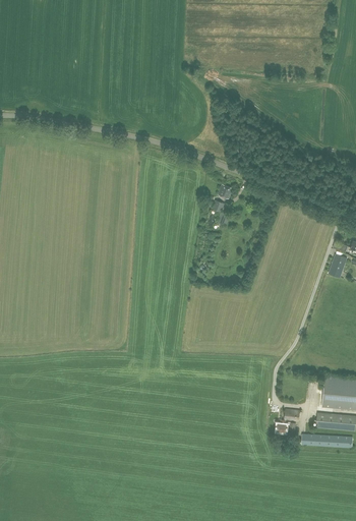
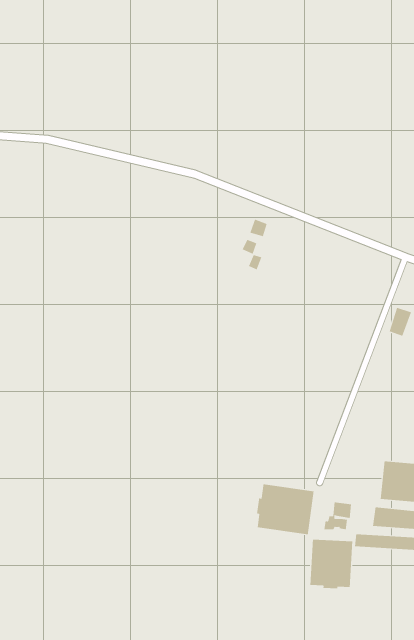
building: none -> [257,483,314,535]
building: none -> [310,539,353,589]

